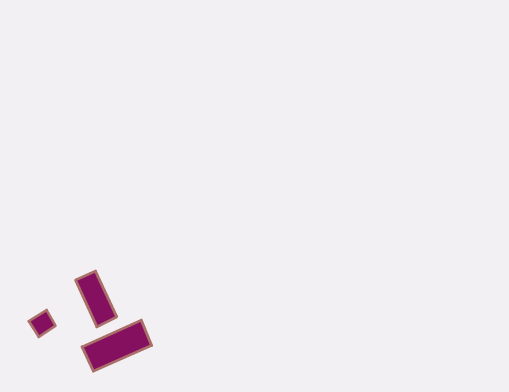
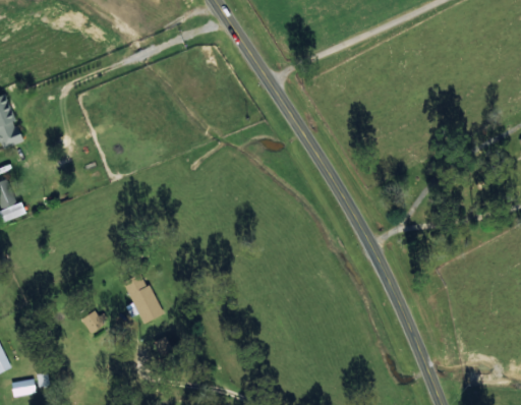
building: [82,320,152,371] -> none

